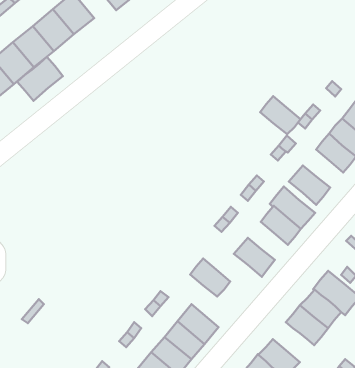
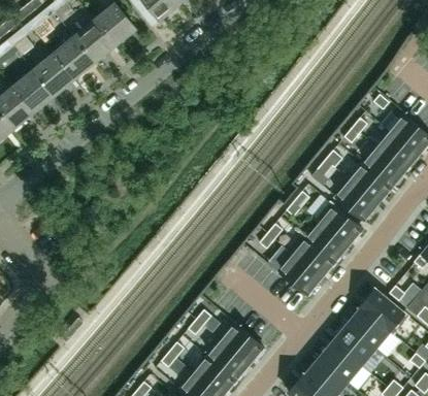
building: [17,57,63,101] -> none
building: [260,96,300,134] -> [350,164,391,203]
building: [190,258,230,296] -> [293,238,334,277]
building: none -> [319,341,361,383]

